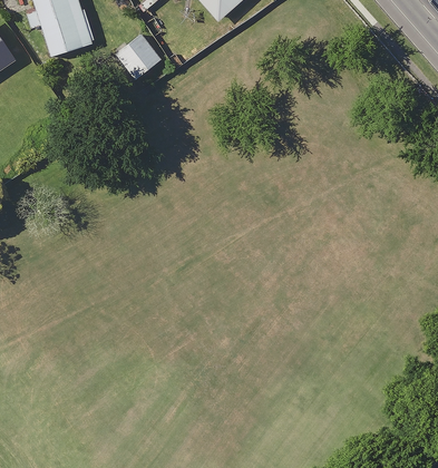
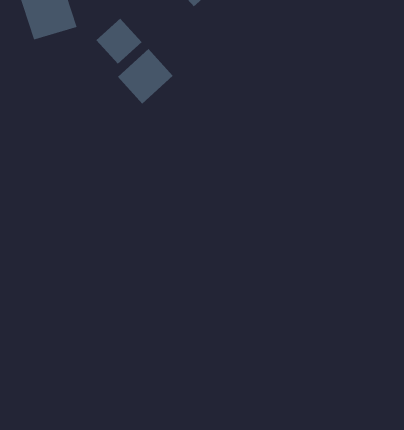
building: none -> [117,48,174,104]

